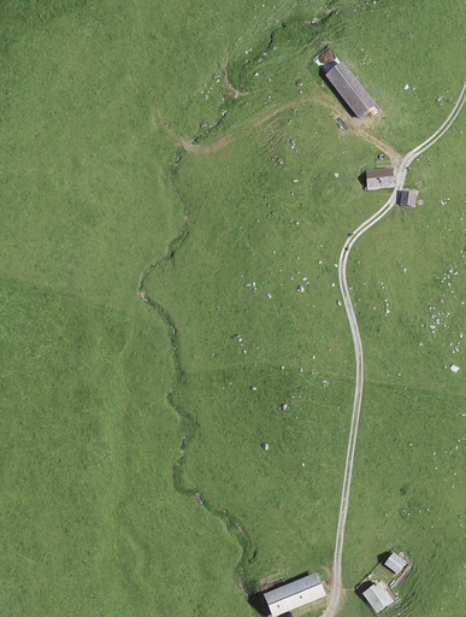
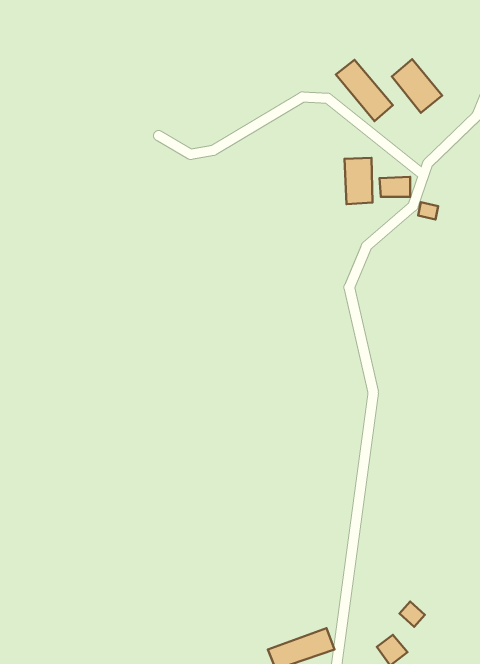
building: none -> [392,59,442,113]
building: none -> [344,158,372,204]

